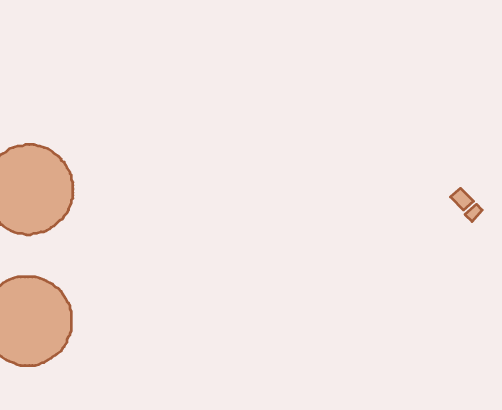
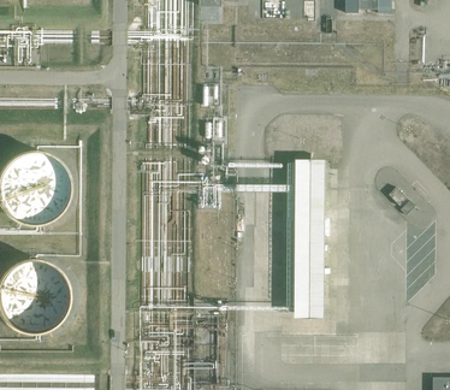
building: none -> [292,158,324,317]

